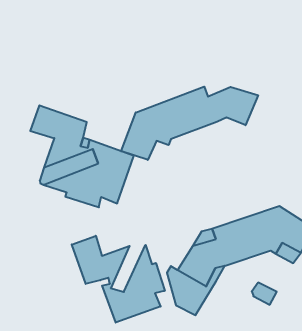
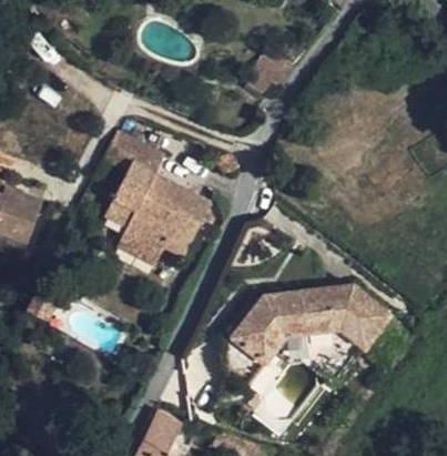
building: [121,87,258,160] -> none
building: [72,236,165,323] -> none

